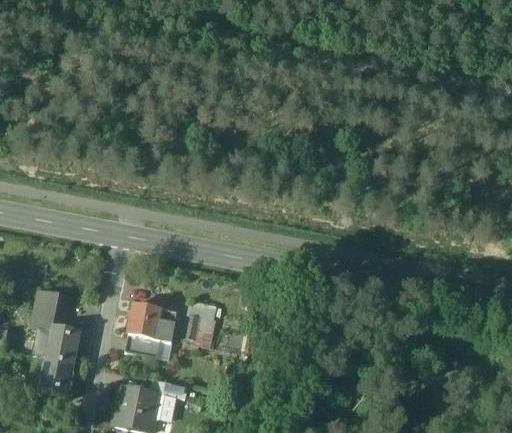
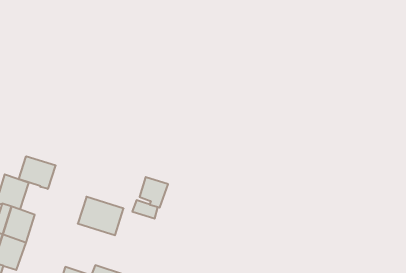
building: none -> [19,156,56,189]
building: [184,313,214,345] -> [140,177,168,208]
building: [126,334,161,356] -> none

